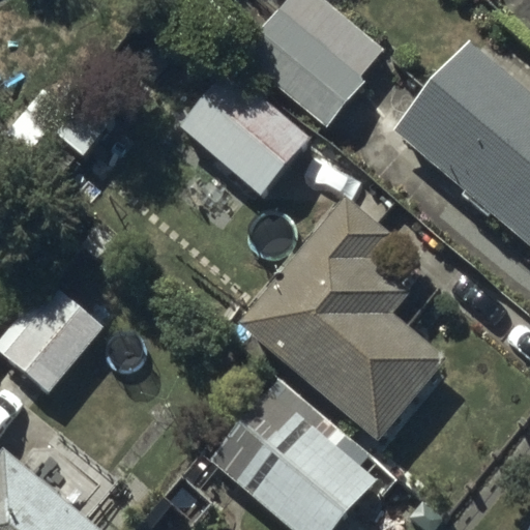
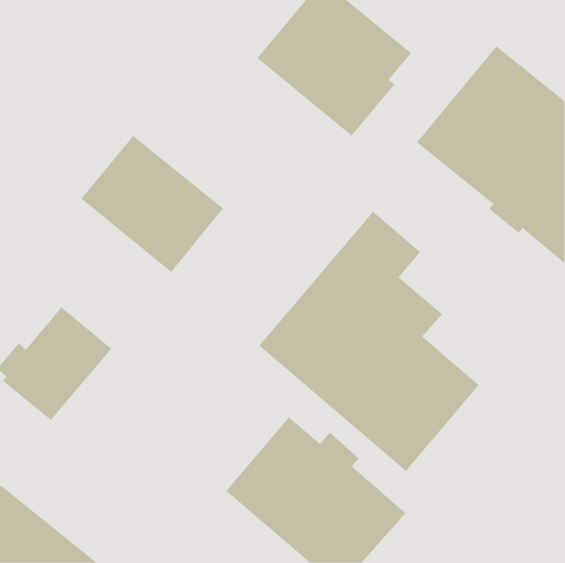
building: [180,68,314,197] -> [81,135,224,273]

